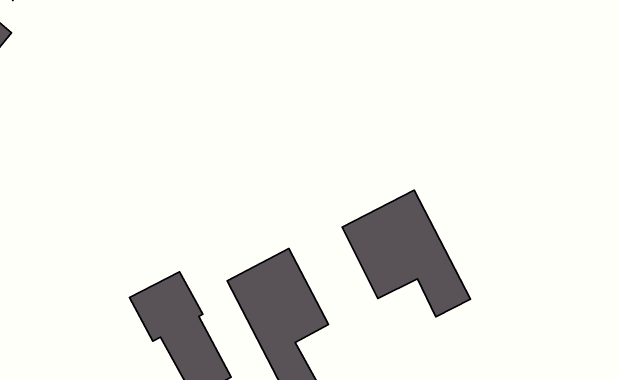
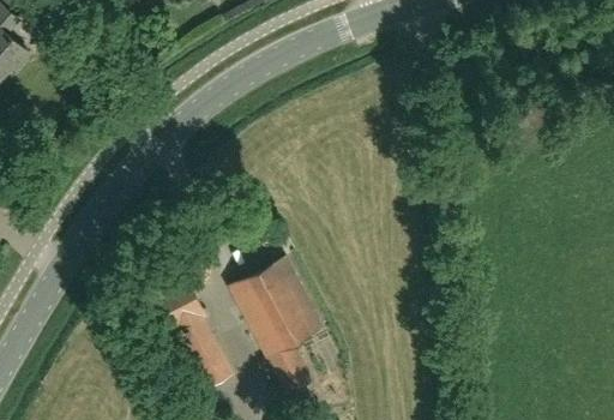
building: [342,190,470,317] -> none

